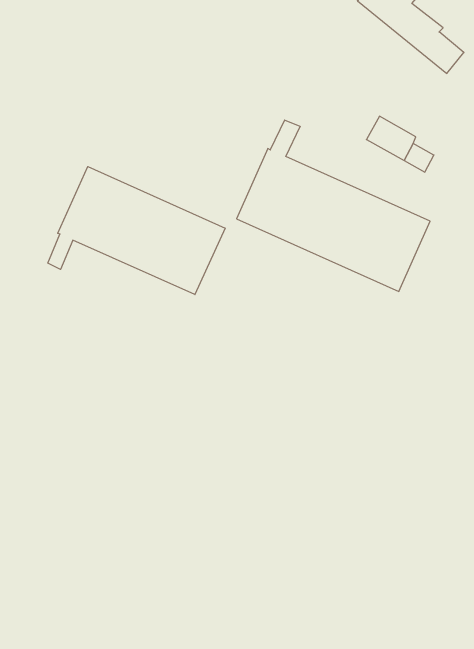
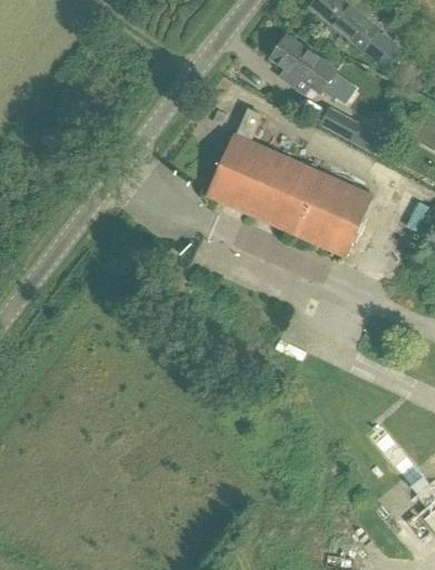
building: none -> [270,35,347,99]
building: [48,167,225,295] -> none

